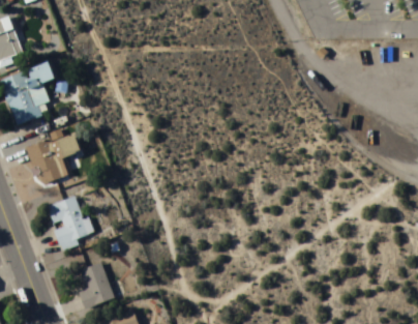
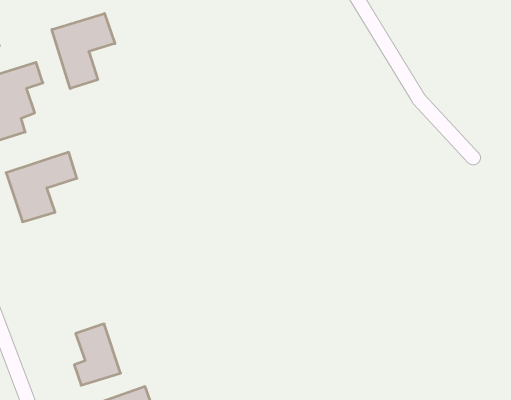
building: none -> [52,13,115,89]
building: [48,196,89,249] -> none

